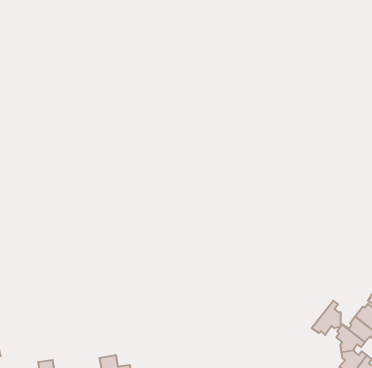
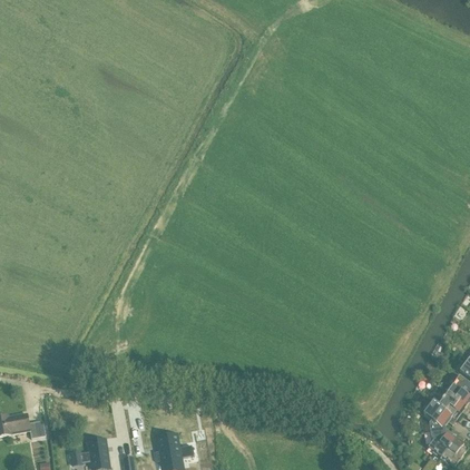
building: [312,301,341,335] -> none

